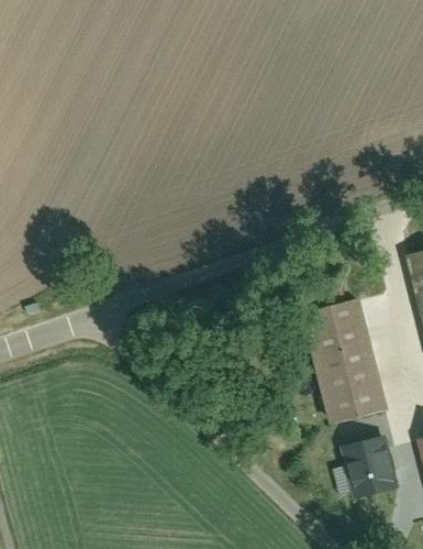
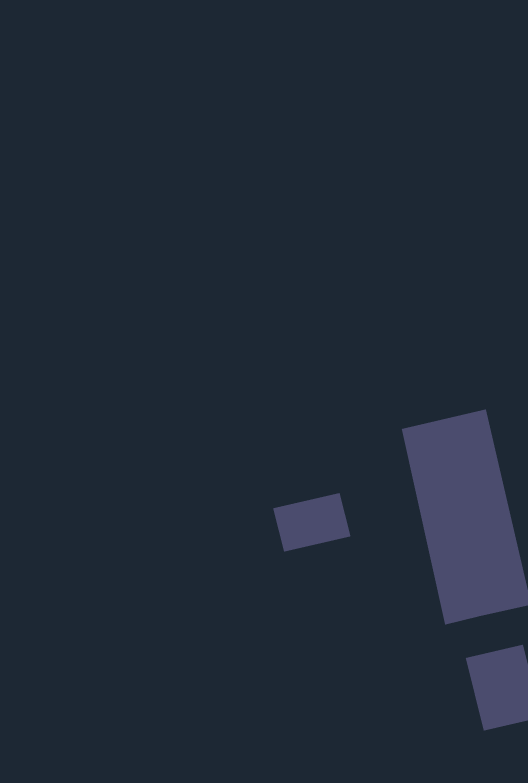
building: none -> [272,492,352,553]

